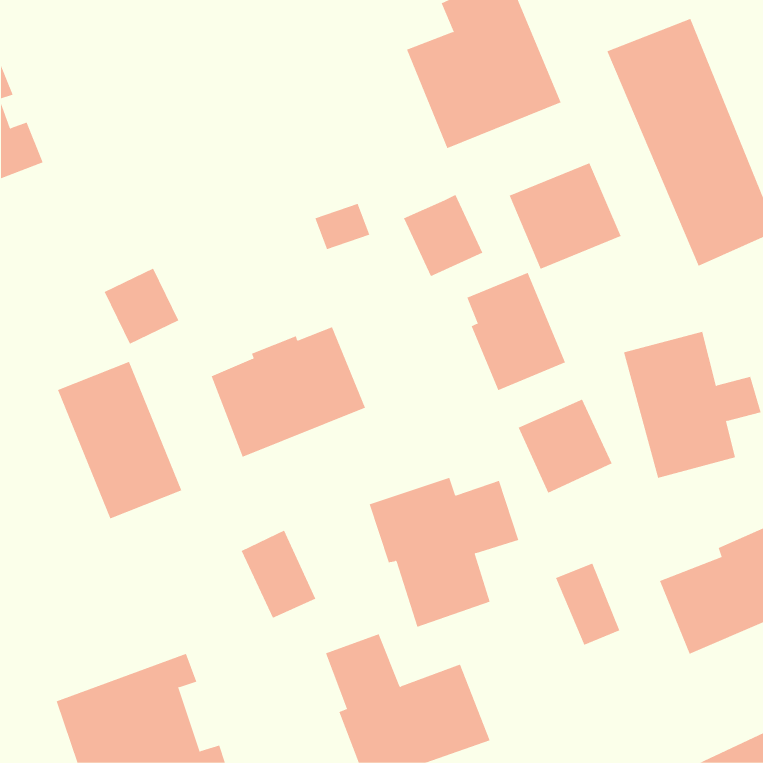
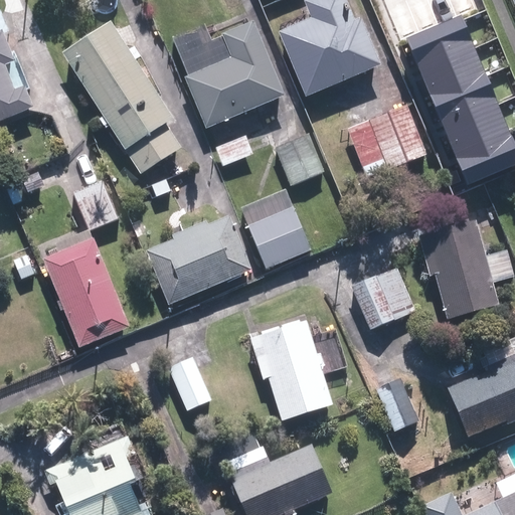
building: none -> [174,20,283,127]
building: none -> [58,24,181,177]
building: [466,272,566,391] -> [245,189,312,269]

